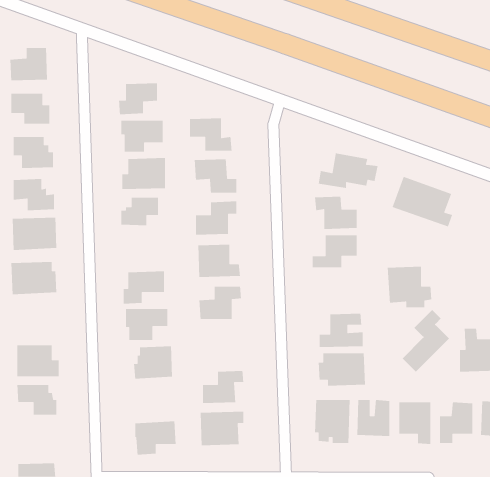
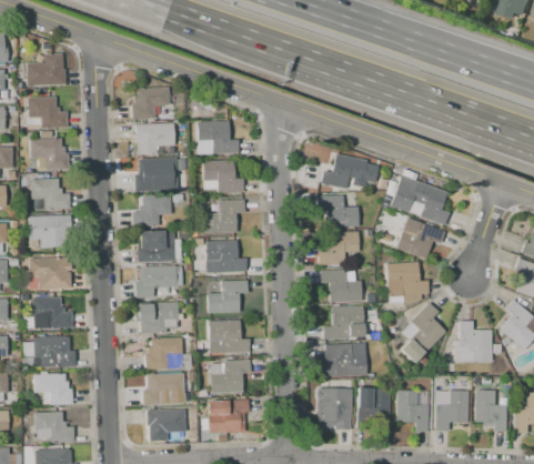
building: none -> [395,215,444,260]
building: none -> [138,231,173,261]
building: none -> [319,270,361,303]
building: none -> [32,297,73,329]
building: none -> [208,320,249,357]
building: none -> [142,374,184,405]
building: none -> [34,412,73,443]

